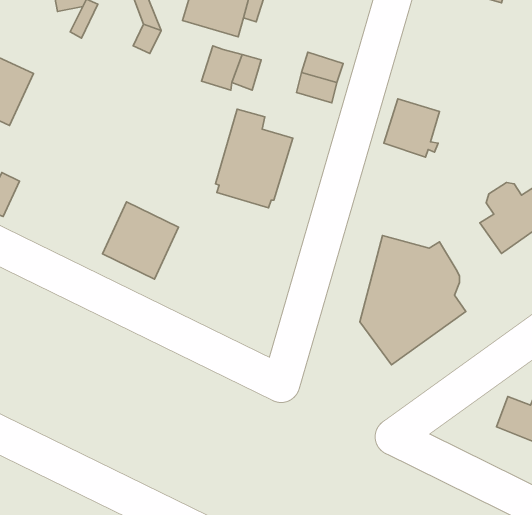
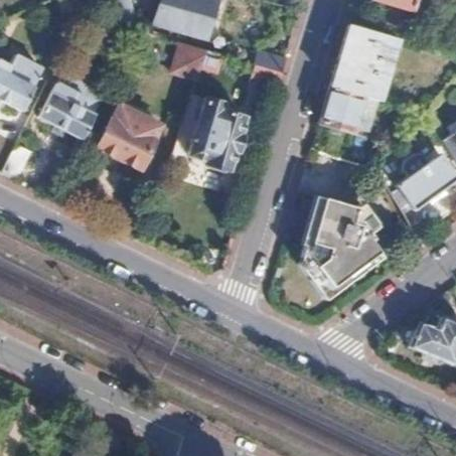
building: none -> [331,25,399,101]
building: none -> [38,69,102,137]
building: [103,202,178,279] -> [99,106,159,167]

